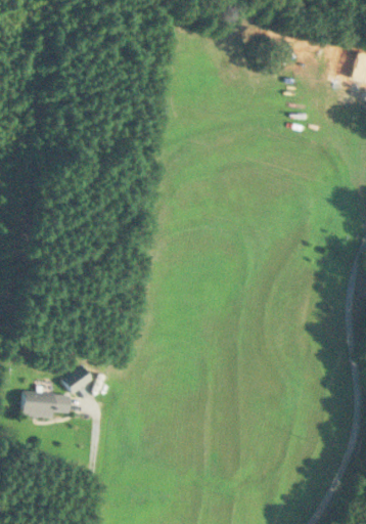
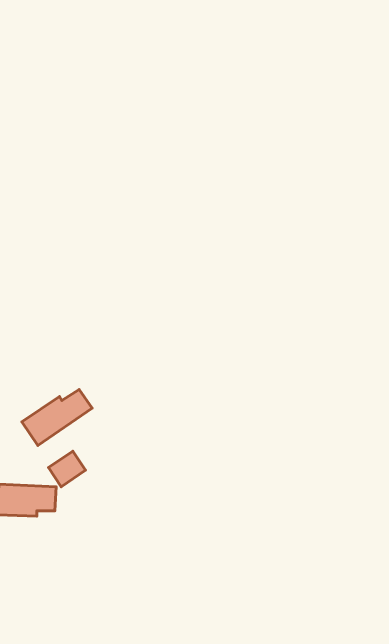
building: none -> [22,390,92,446]

